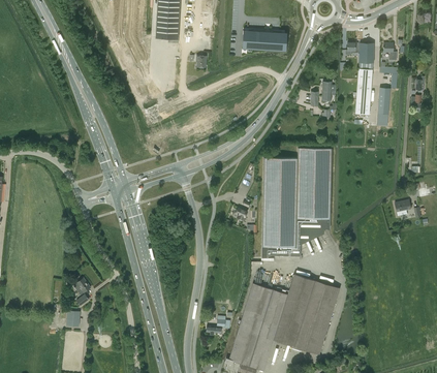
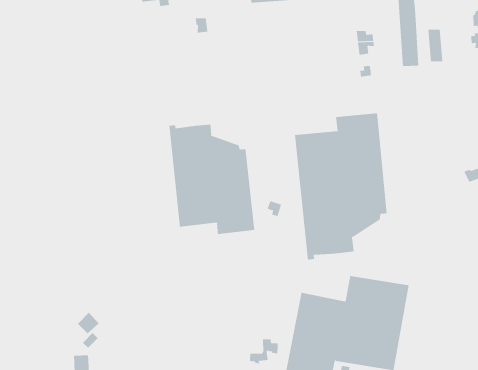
building: none -> [169,124,255,235]

